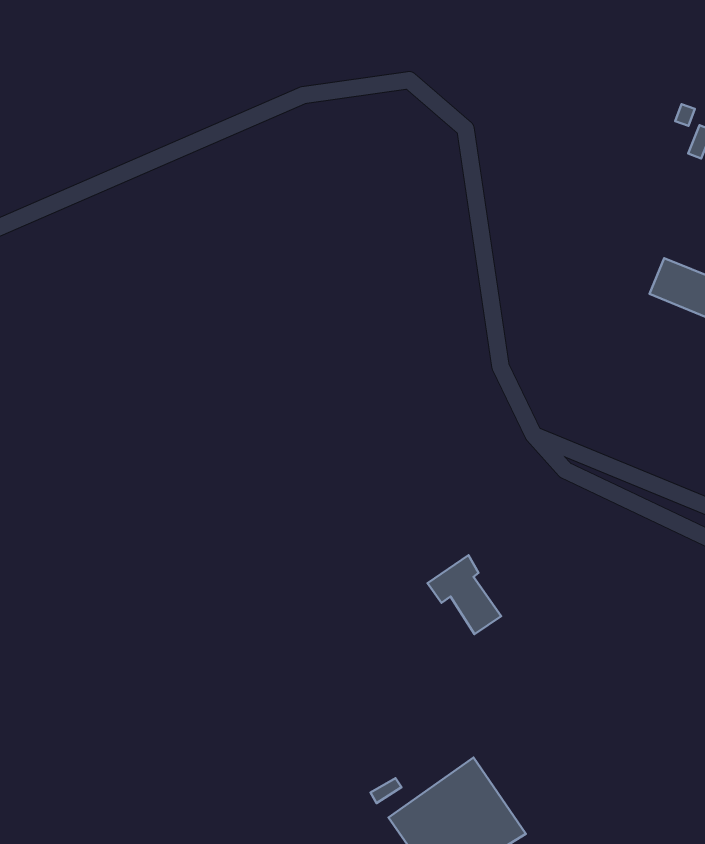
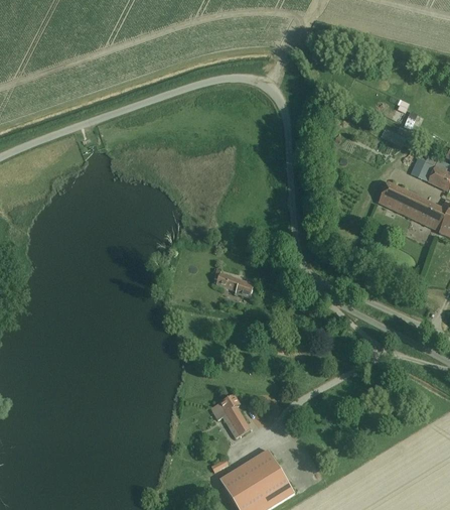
building: none -> [213,268,254,297]
building: [428,555,501,634] -> [210,394,250,437]

